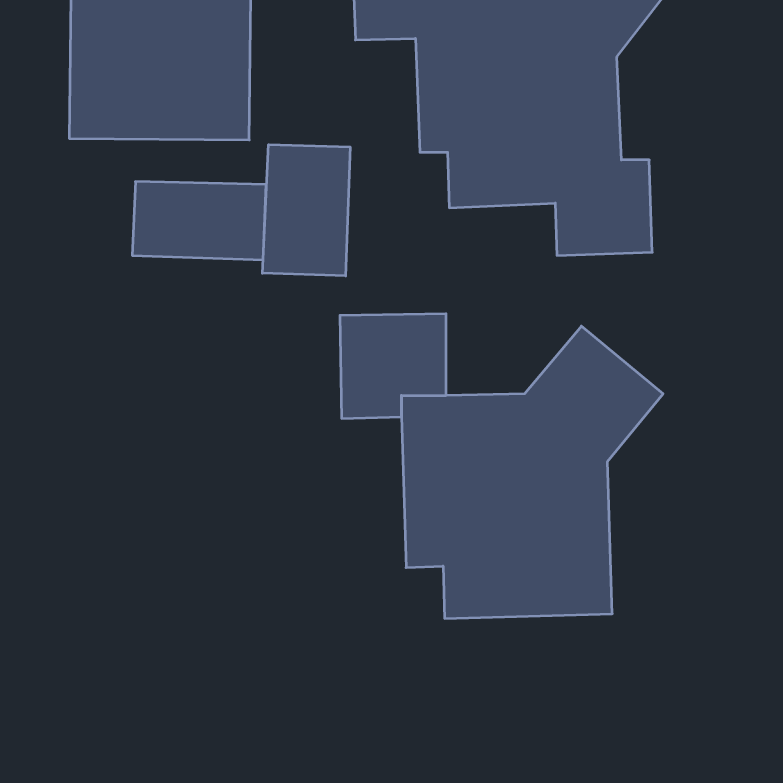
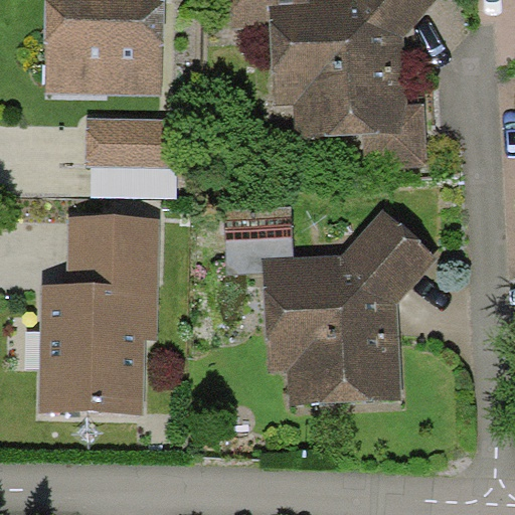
building: [262,145,350,276] -> none
building: none -> [39,221,159,409]

